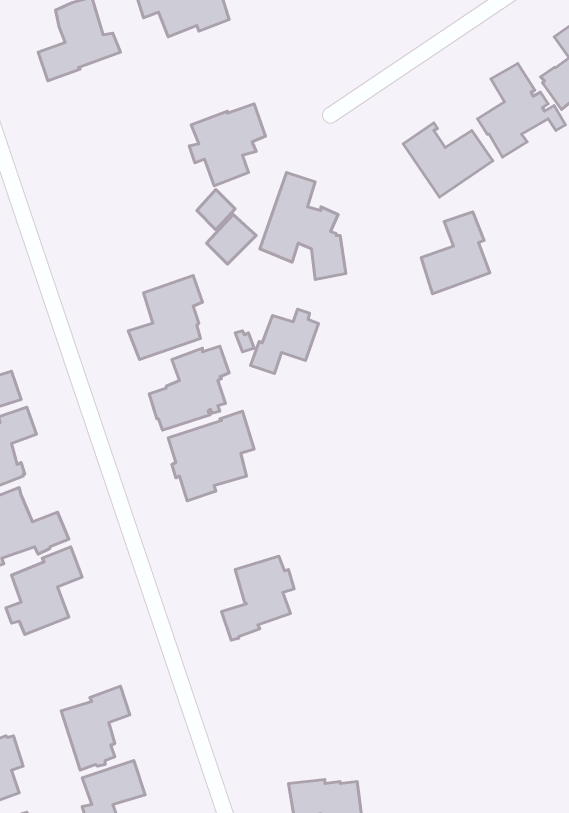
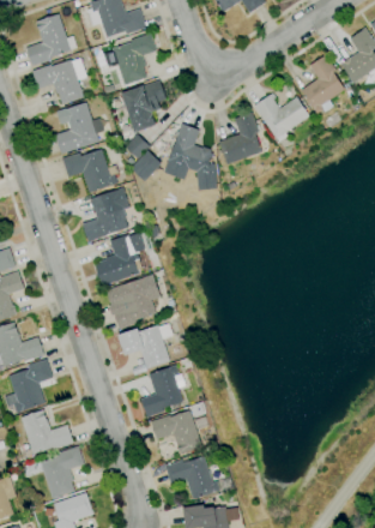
building: none -> [107,34,156,86]
building: none -> [31,58,86,103]
building: none -> [54,102,104,154]
building: [421,212,490,294] -> [219,113,262,164]
building: none -> [61,149,122,193]
building: [251,309,318,374] -> none
building: none -> [119,324,173,370]
building: none -> [20,410,72,454]
building: none -> [150,410,202,455]
building: none -> [164,456,235,500]

